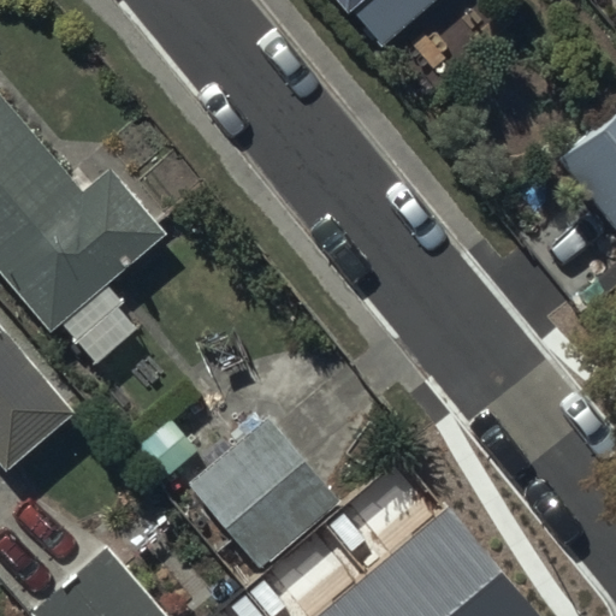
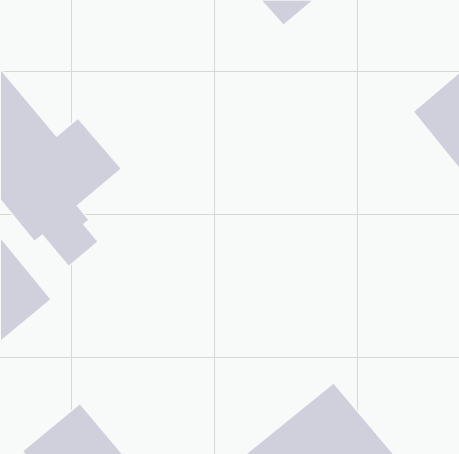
building: [184,414,337,567] -> none

